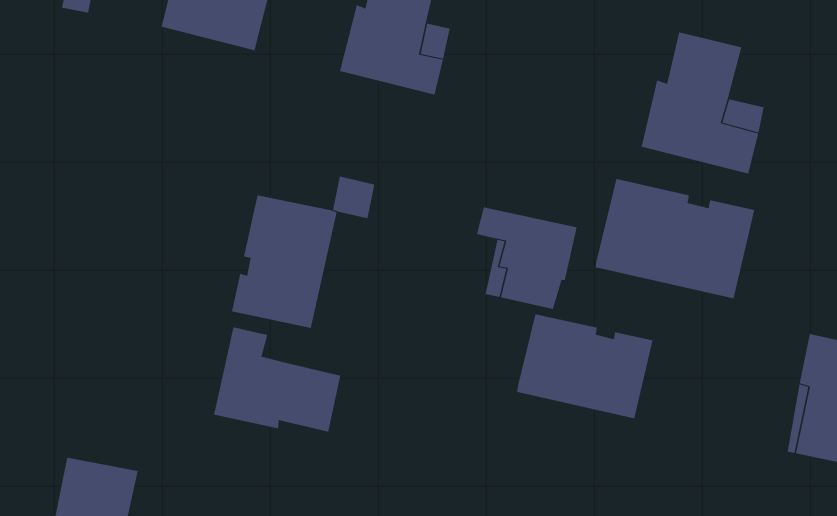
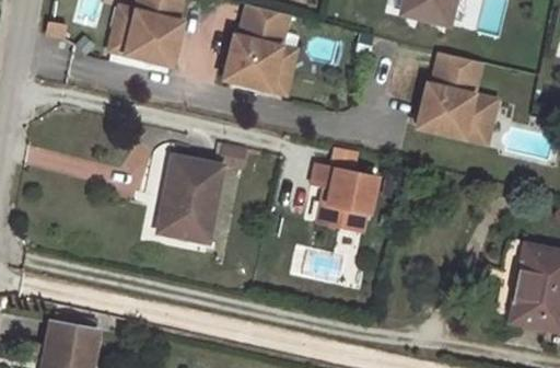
building: [595,178,755,299] -> none
building: [517,313,653,419] -> none
building: [214,326,341,432] -> none

